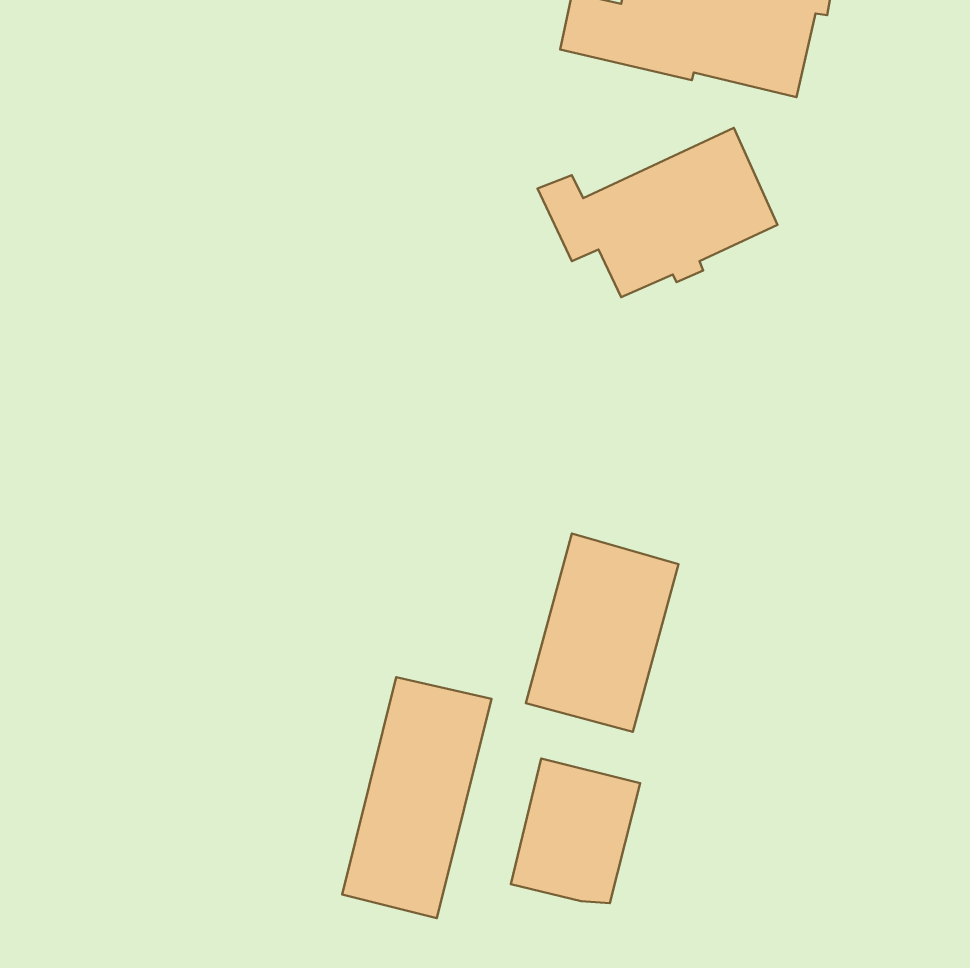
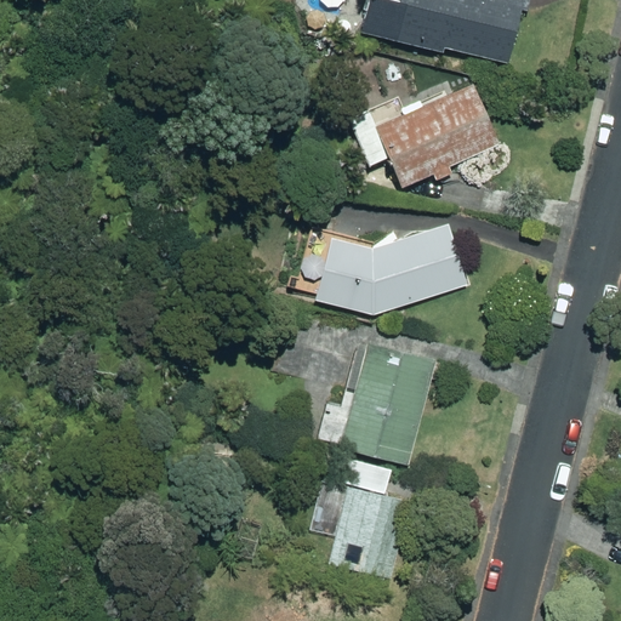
building: none -> [313,222,467,315]
building: [342,677,492,918] -> none

